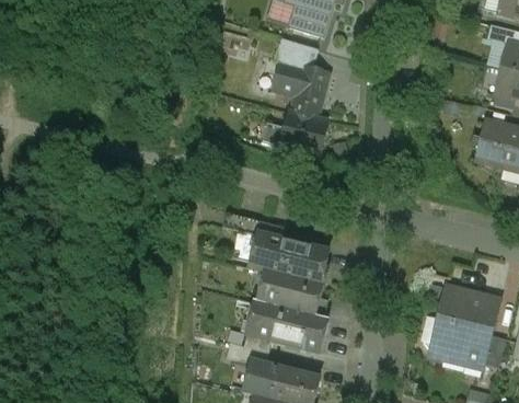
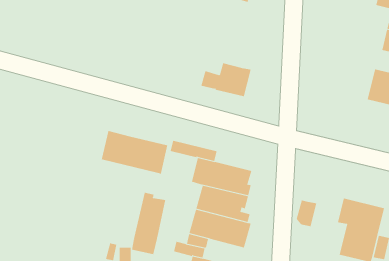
building: [274,38,328,119] -> none
building: none -> [101,130,168,174]
building: none -> [132,192,166,255]
building: [423,316,450,352] -> [296,200,317,227]

